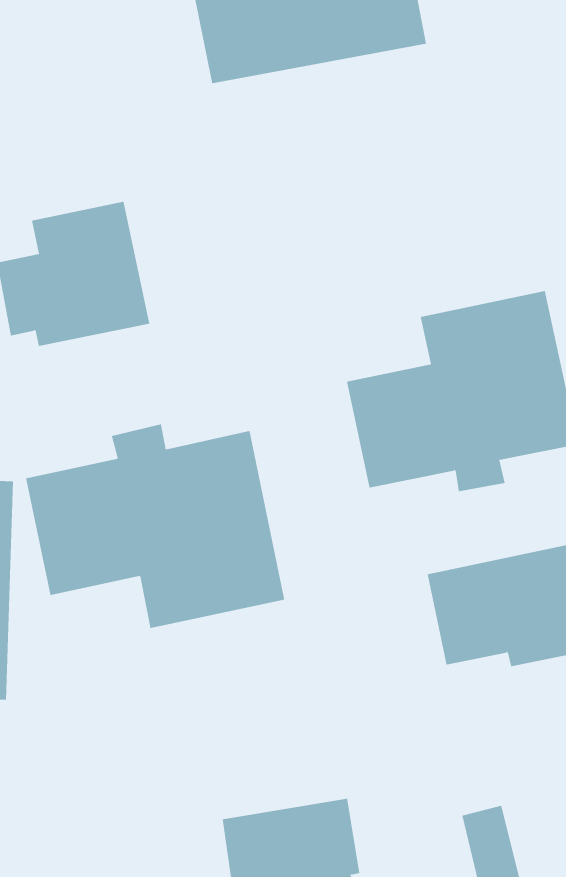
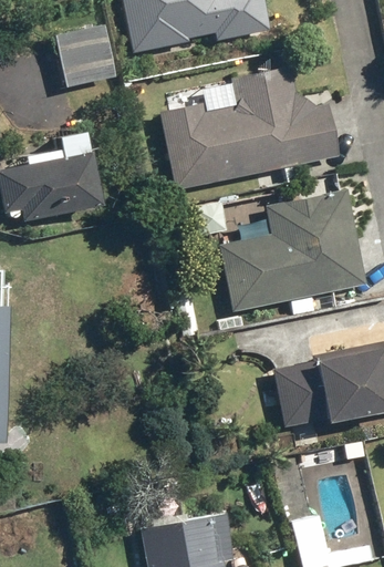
building: none -> [54,21,115,87]
building: none -> [162,59,339,188]
building: [26,424,285,629] -> none

